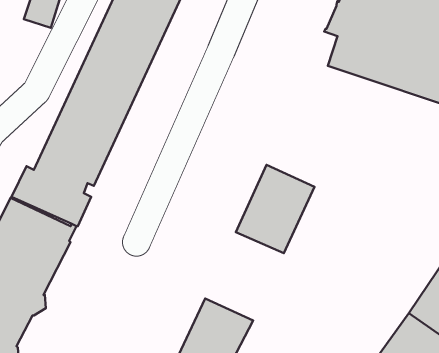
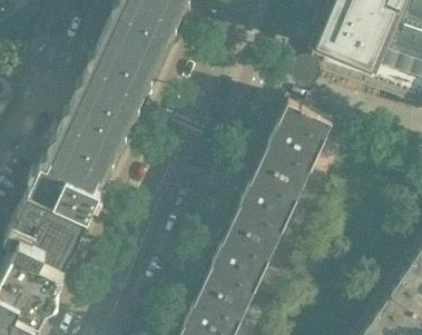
building: none -> [263,98,334,178]
building: none -> [207,219,278,299]

